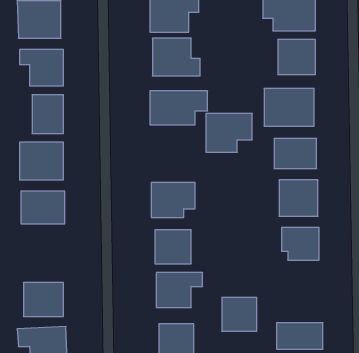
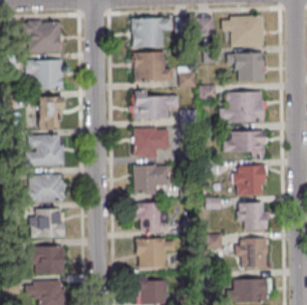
building: [206,113,252,152] -> [131,129,169,161]
building: none -> [30,209,63,237]
building: [222,297,257,331] -> [239,239,267,266]

